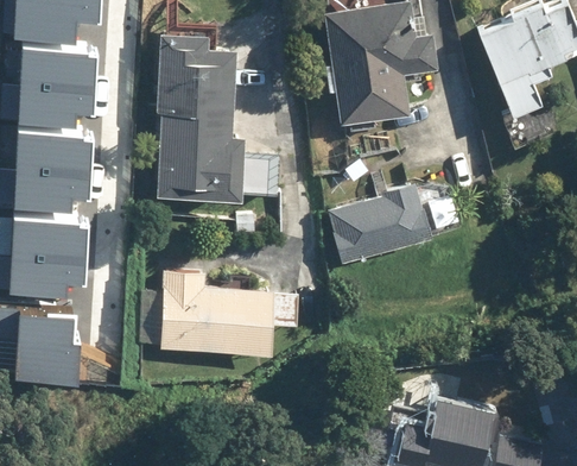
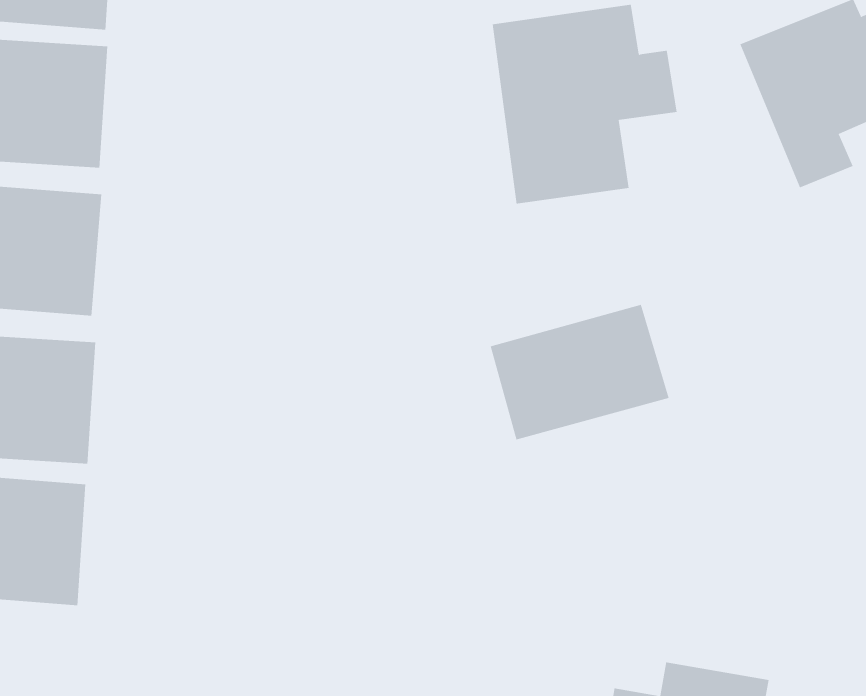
building: [152,32,275,201] -> none
building: [138,271,274,358] -> none

